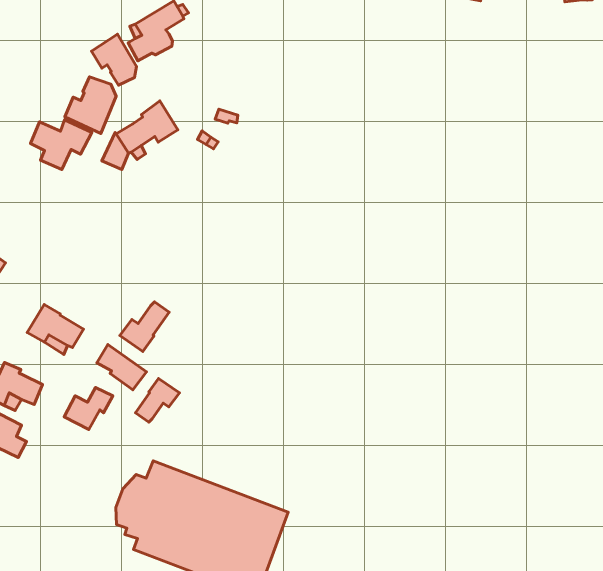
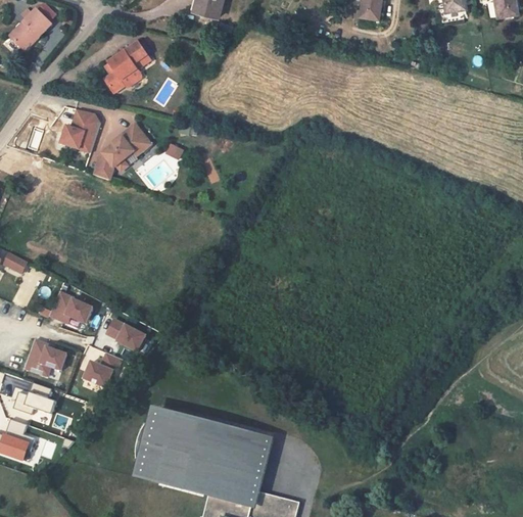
building: [92,34,137,85] -> none
building: [30,120,92,169] -> none
building: [120,302,169,351] -> none
building: [135,378,179,422] -> none

